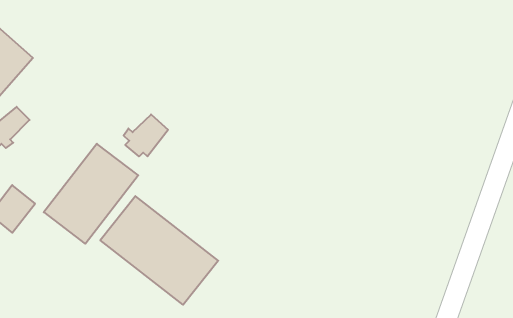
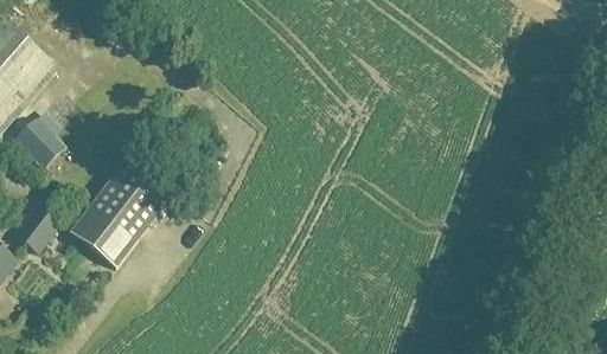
building: [124,114,168,156] -> none
building: [100,196,218,305] -> none

